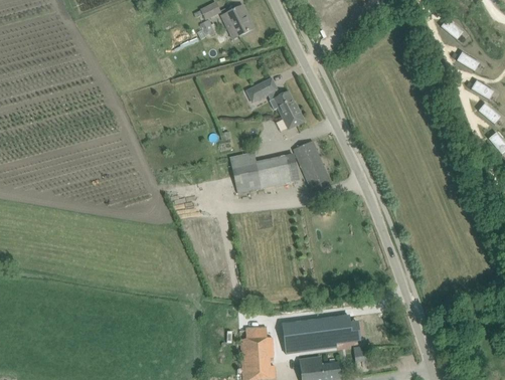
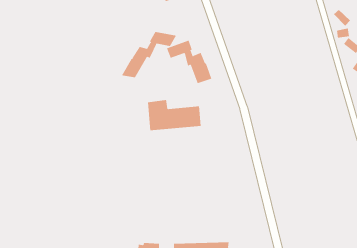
building: none -> [121,31,177,78]
building: [293,140,332,193] -> none

